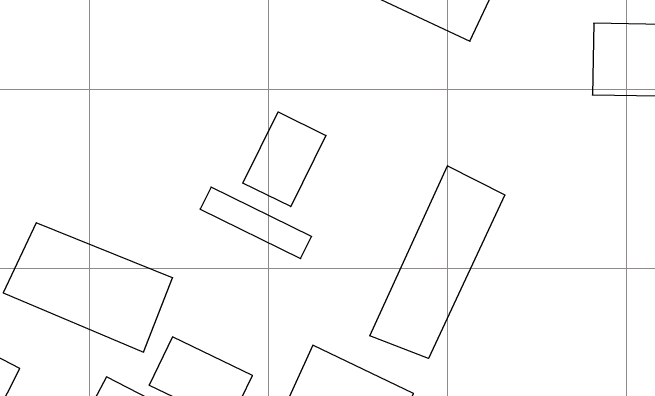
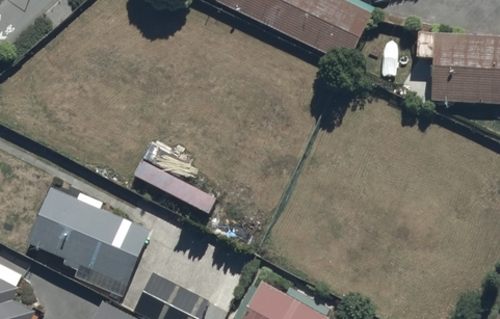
building: [243,112,326,207] -> none
building: [370,166,505,358] -> none

